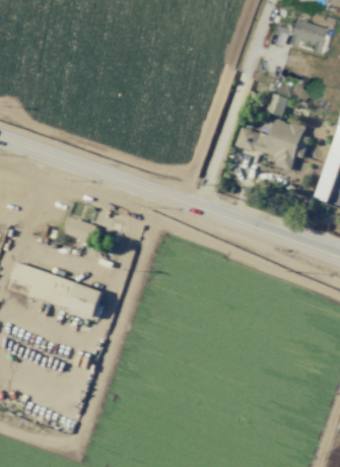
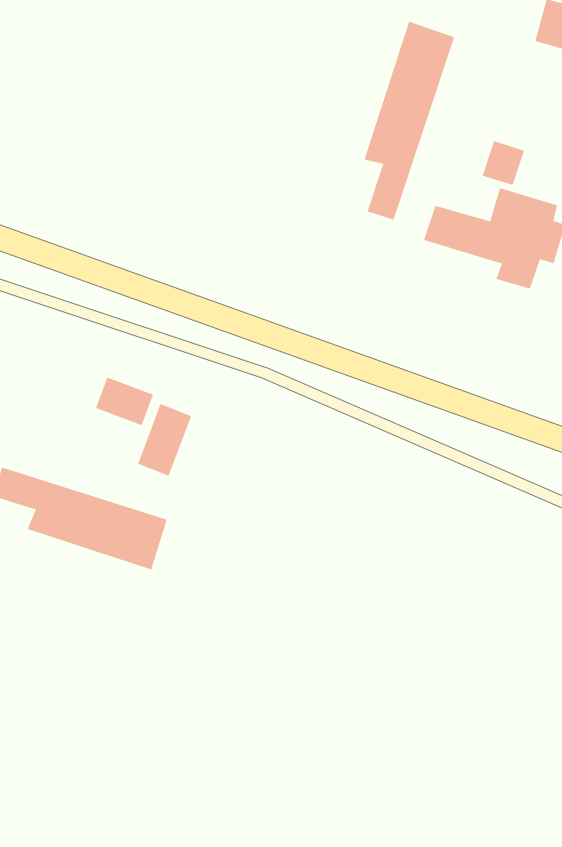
building: none -> [364,21,455,220]
building: none -> [138,403,192,477]

